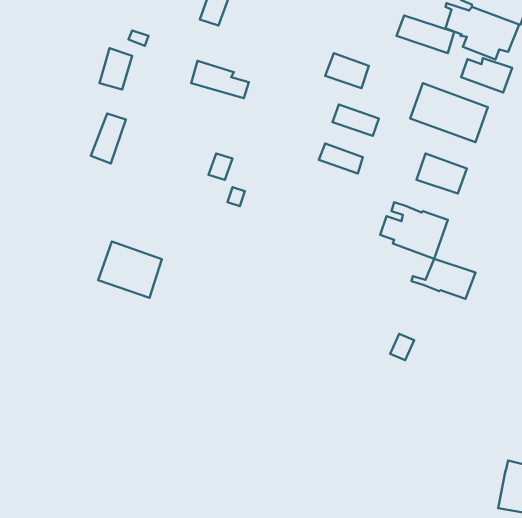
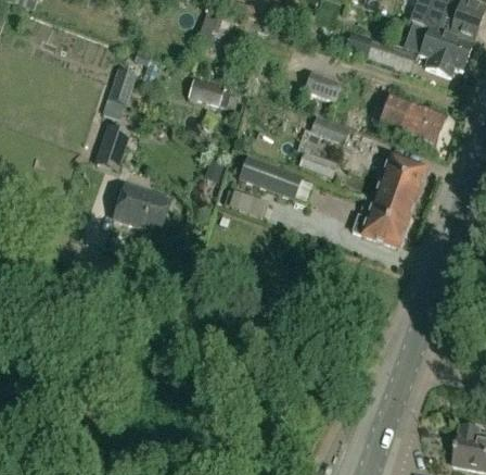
building: [461,58,512,92] -> none
building: none -> [238,152,302,197]
building: [98,241,162,298] -> [114,185,169,234]
building: [412,259,475,299] -> [362,179,418,214]

